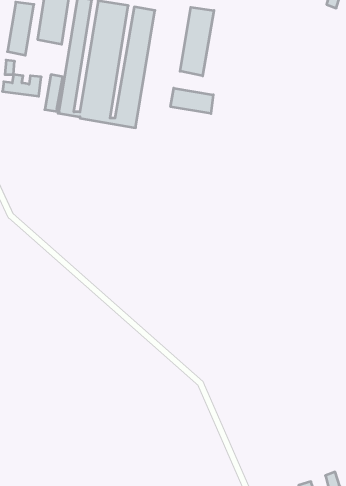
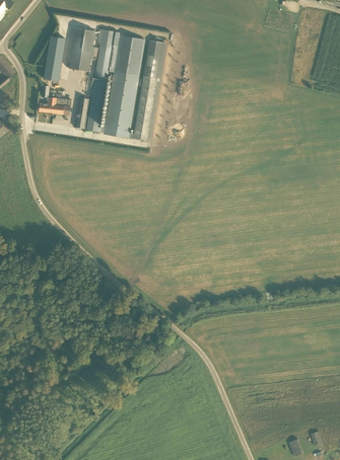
building: [180,7,214,76] -> none
building: [171,88,213,114] -> none

